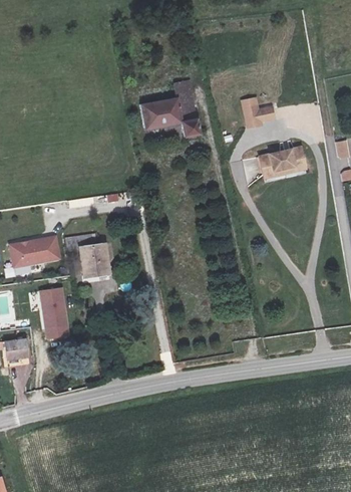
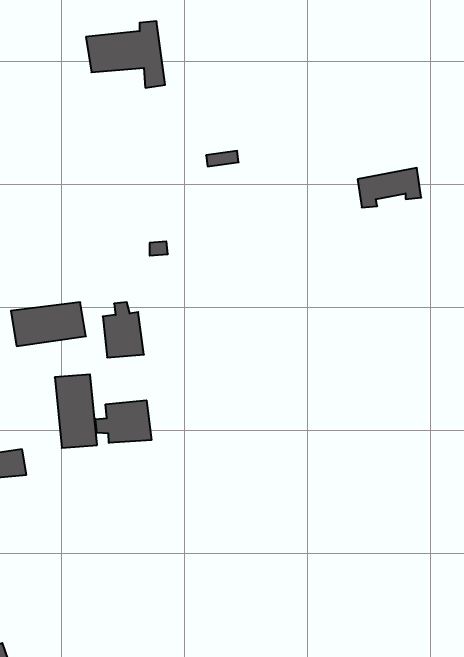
building: [137,84,194,132] -> [86,21,165,88]
building: [242,96,278,128] -> none
building: none -> [96,400,151,443]

